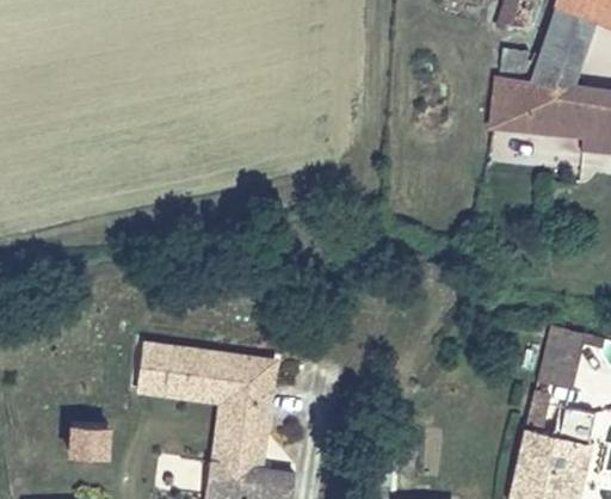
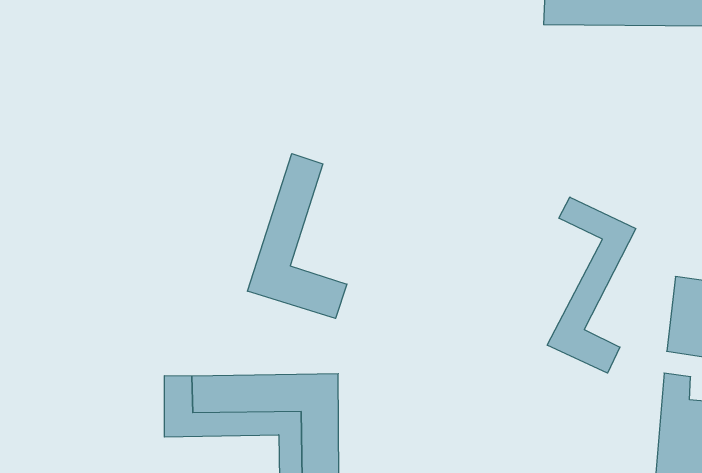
building: none -> [247,154,347,318]
building: none -> [547,197,636,373]

